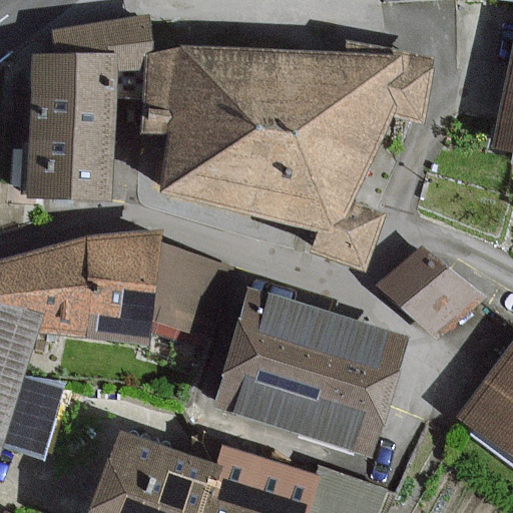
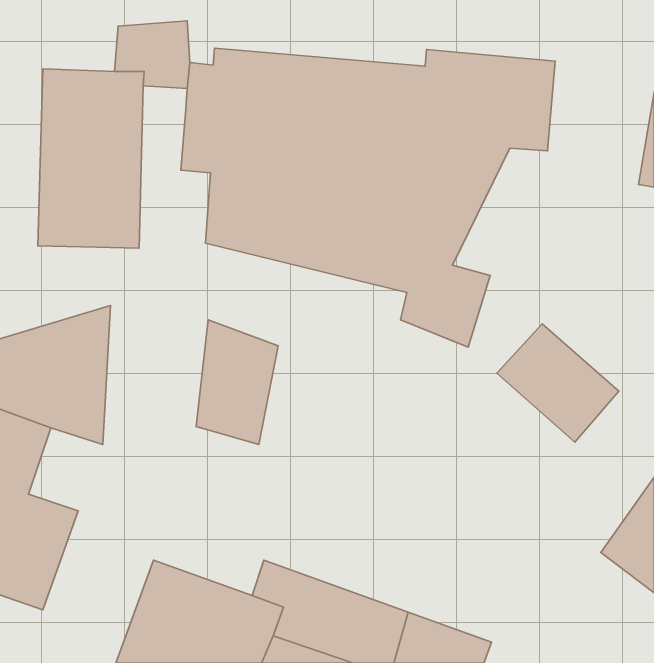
building: [79,233,161,353] -> none
building: [212,296,399,455] -> none

